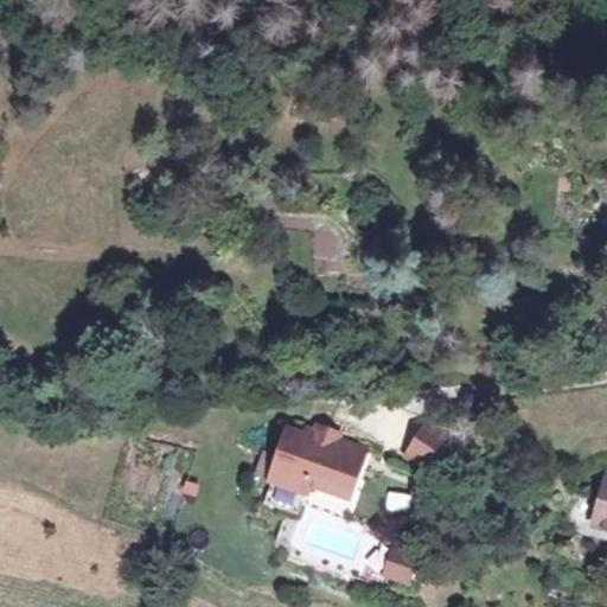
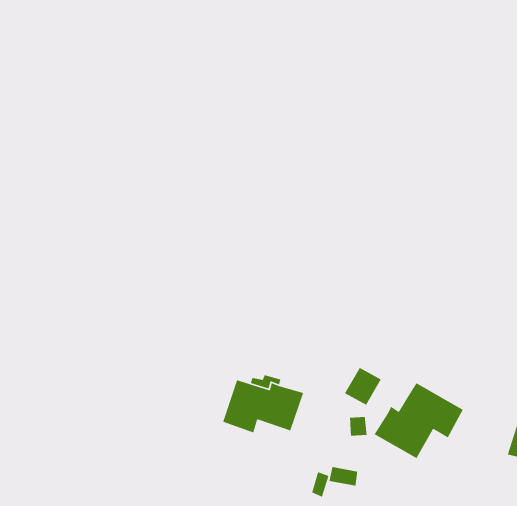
building: none -> [373,382,464,459]

